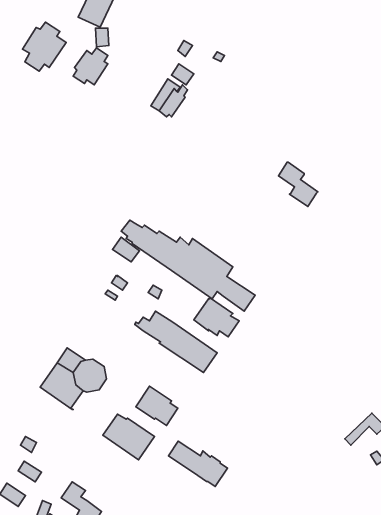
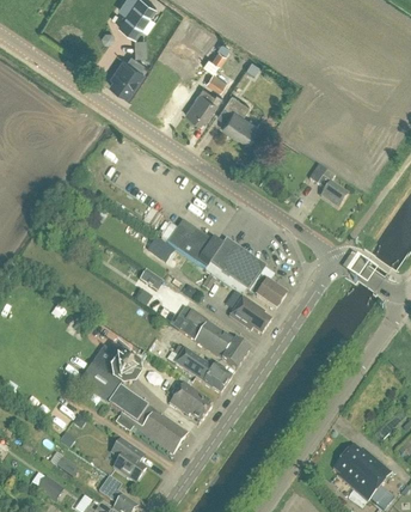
building: [23,22,66,71] -> none
building: none -> [221,91,258,140]
building: none -> [108,388,153,431]
building: [168,441,227,487] -> [174,349,232,394]
building: none -> [111,439,146,483]
building: none -> [333,444,391,500]

